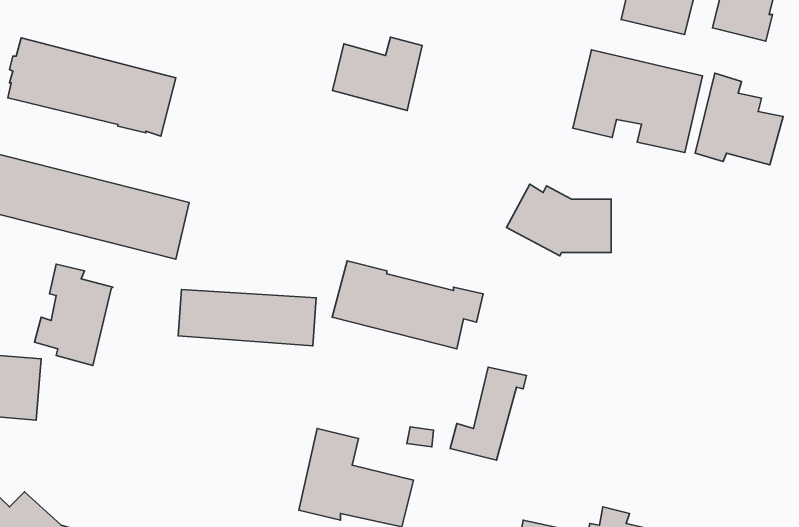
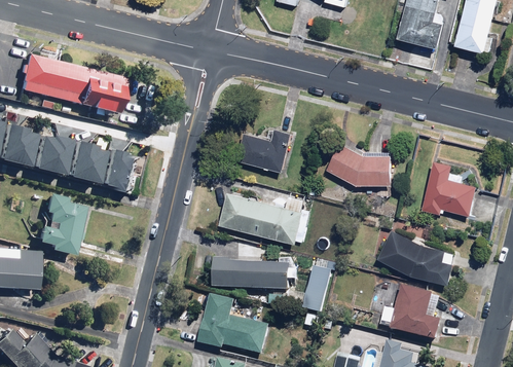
building: [332,37,422,110] -> [234,127,290,173]
building: [573,50,703,152] -> none
building: [695,73,783,165] -> [422,160,476,217]
building: [178,289,316,346] -> [211,257,296,292]
building: none -> [376,228,456,287]
building: none -> [379,283,441,341]

